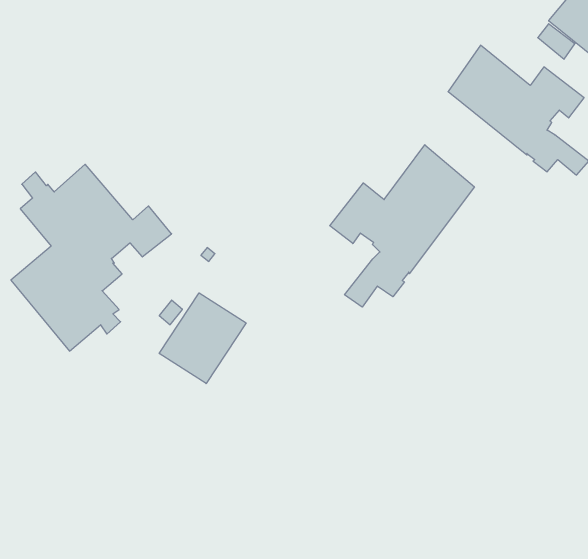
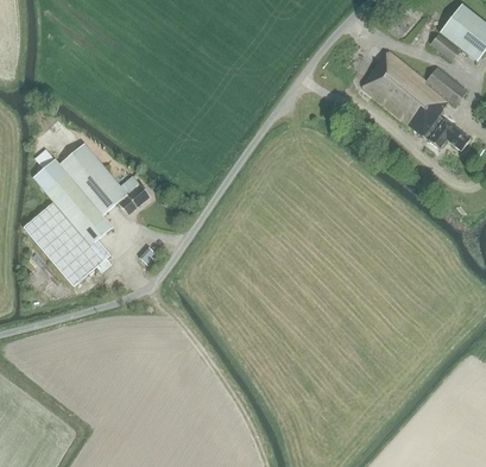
building: [330,145,474,307] -> none
building: [159,293,246,384] -> none

